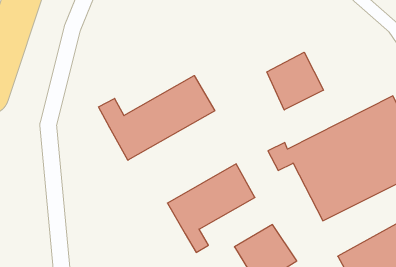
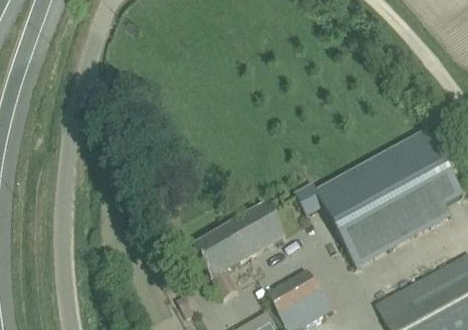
building: [267,52,323,110] -> none
building: [99,76,215,160] -> none

